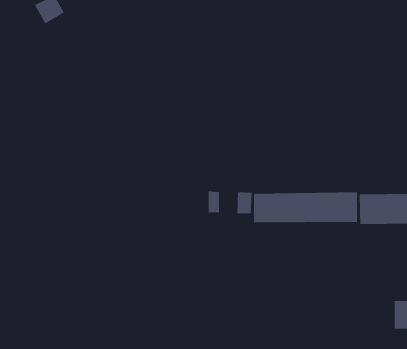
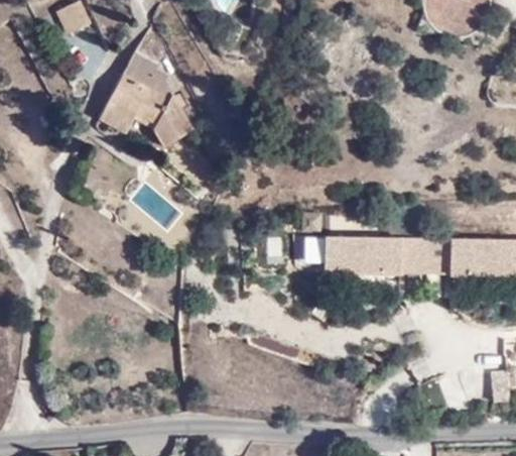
building: none -> [100,21,188,146]

